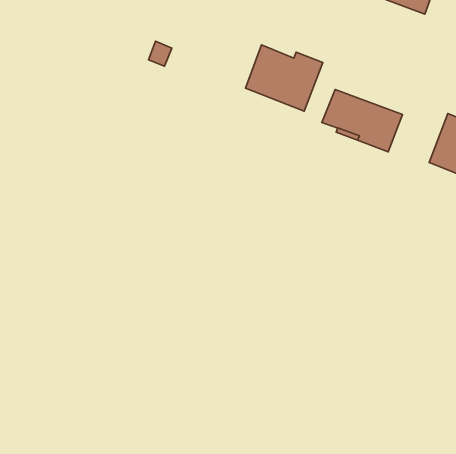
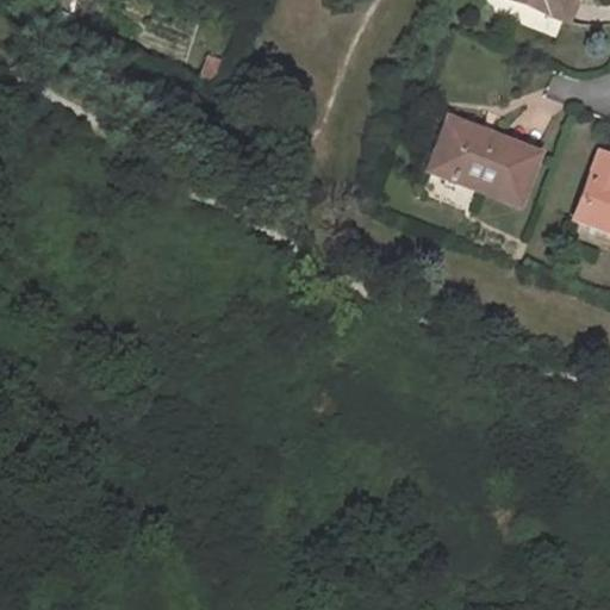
building: [246,45,323,111] -> none

